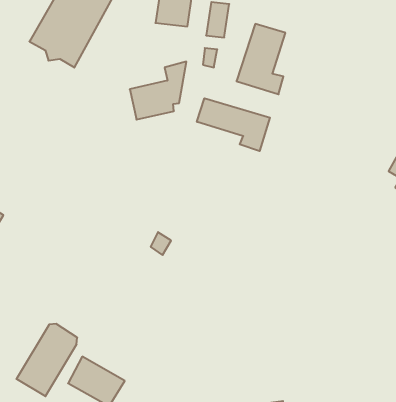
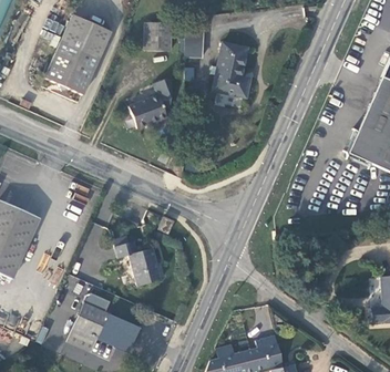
building: [197,98,270,151] -> none
building: none -> [113,239,160,286]

